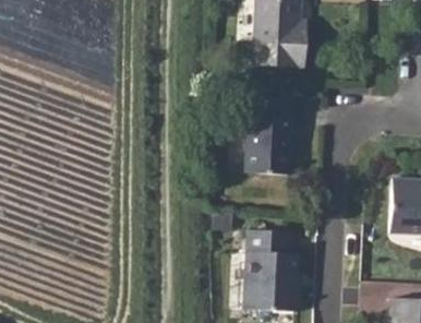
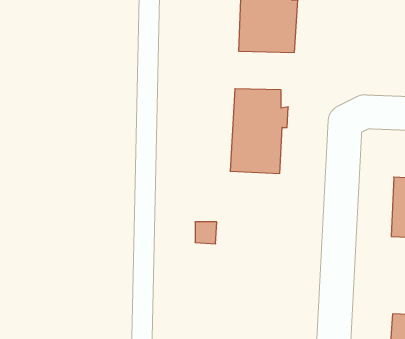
building: [245,230,301,310] -> none

